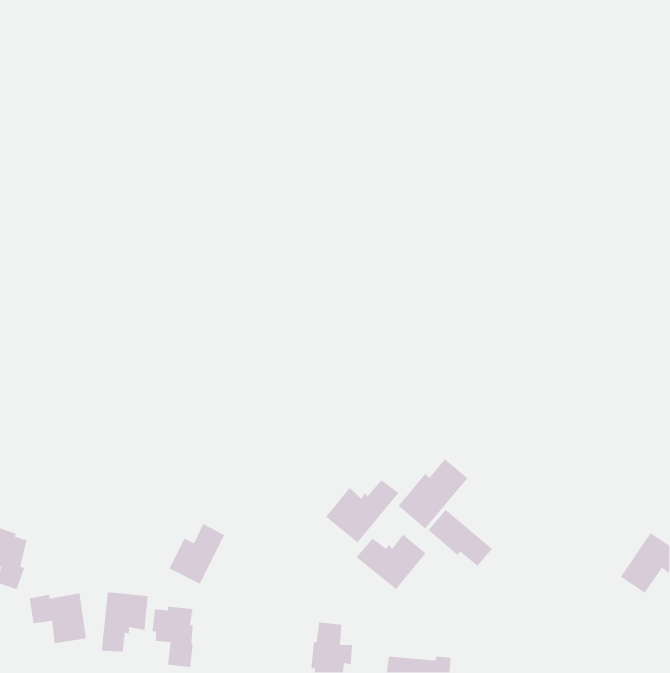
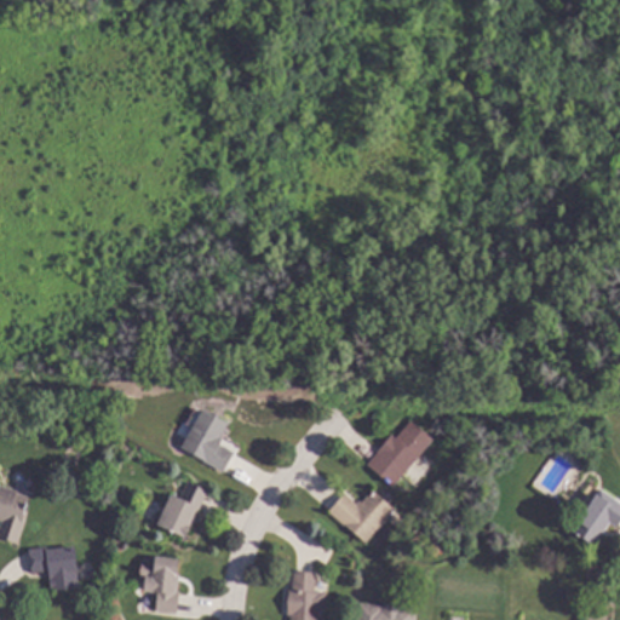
building: none -> [179,409,234,471]
building: [325,479,399,543] -> none
building: [428,509,493,567] -> none
building: [101,592,148,653] -> none

